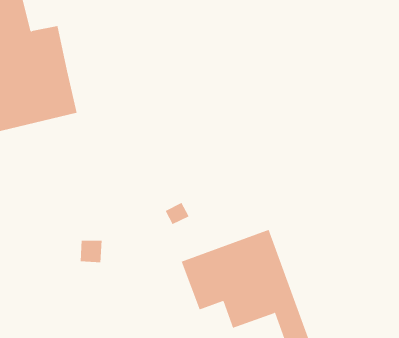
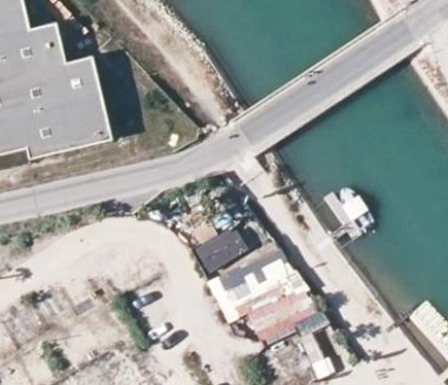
building: none -> [195,230,249,278]

